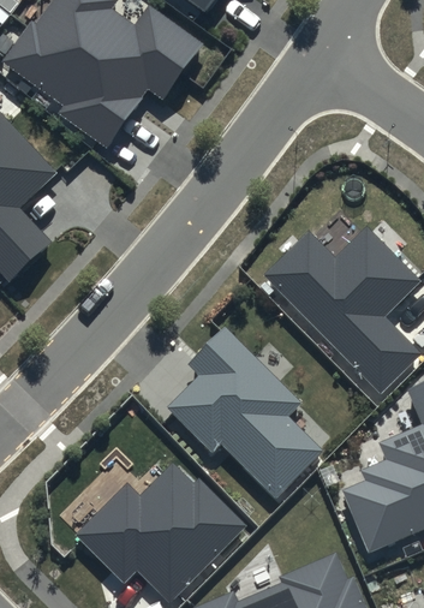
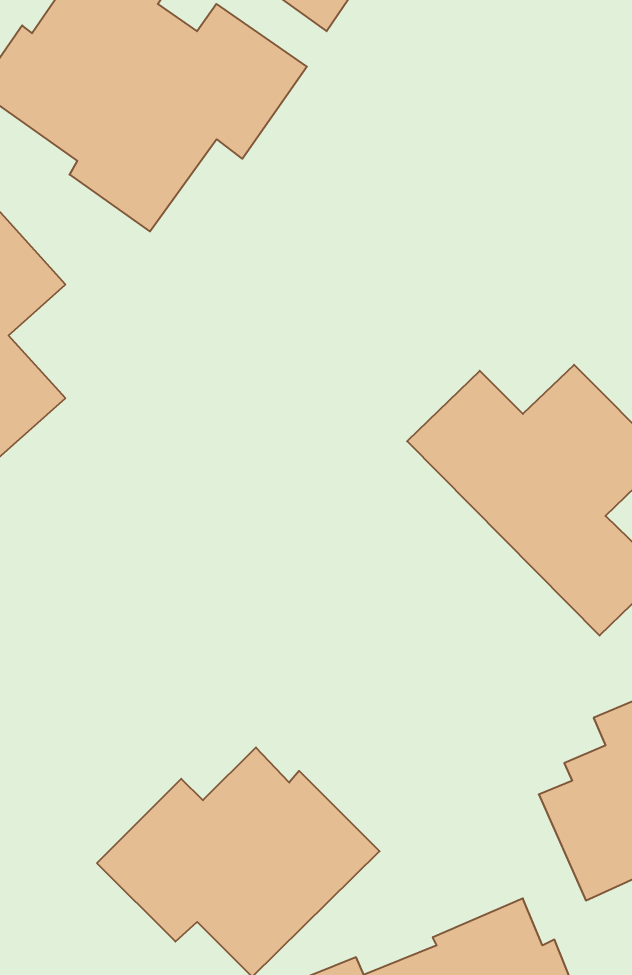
building: [166,324,326,500] -> none

